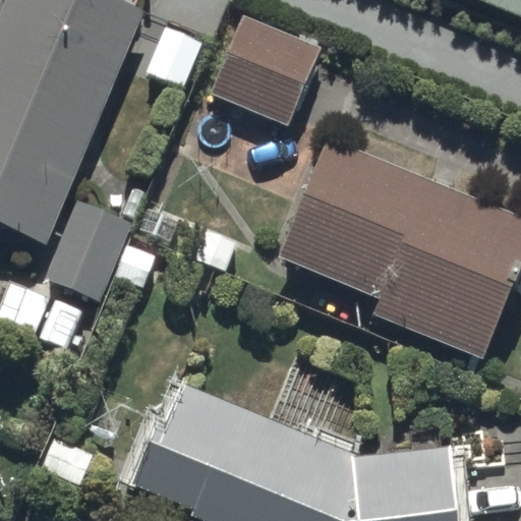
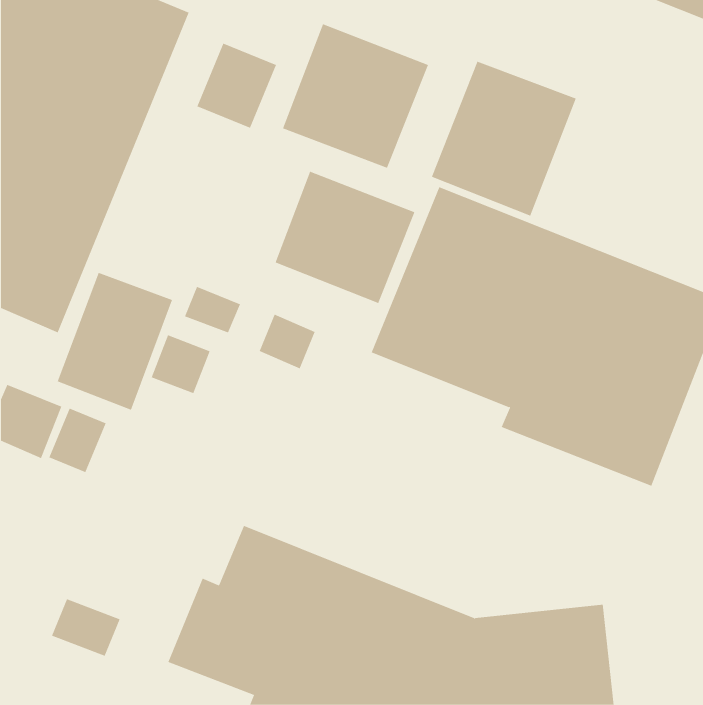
building: none -> [431,61,577,217]
building: none -> [275,171,415,304]

